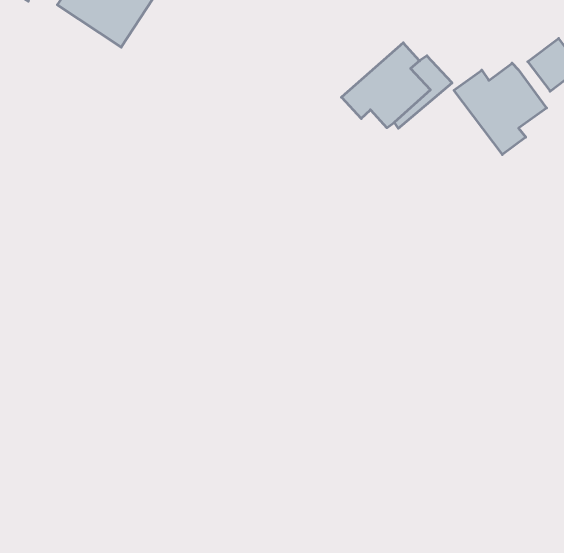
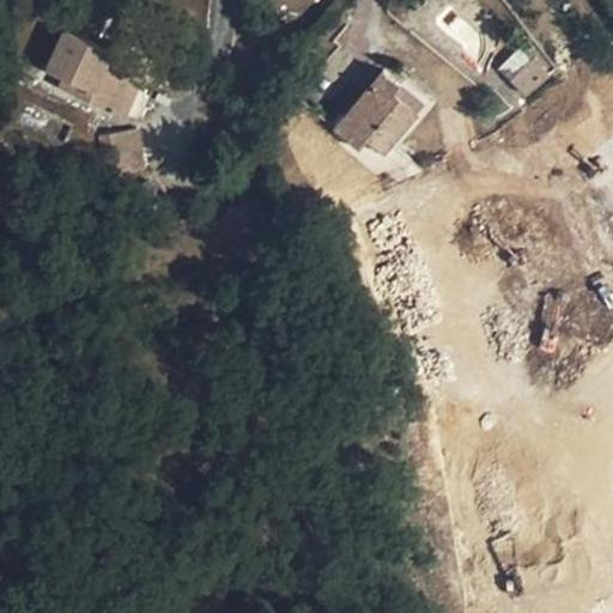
building: none -> [97,132,141,180]
building: [454,63,547,155] -> none

